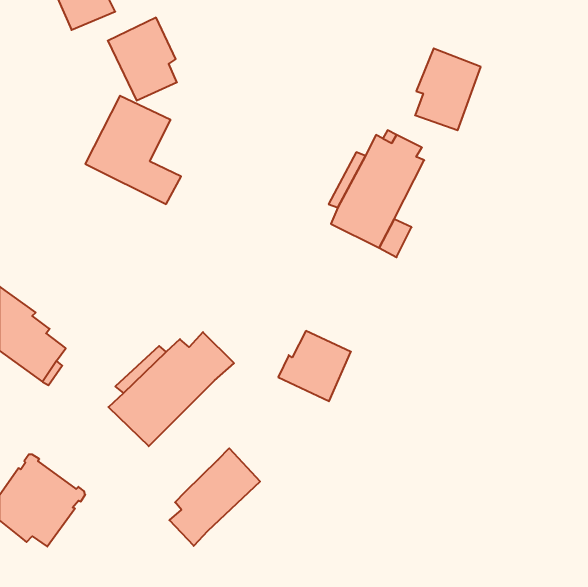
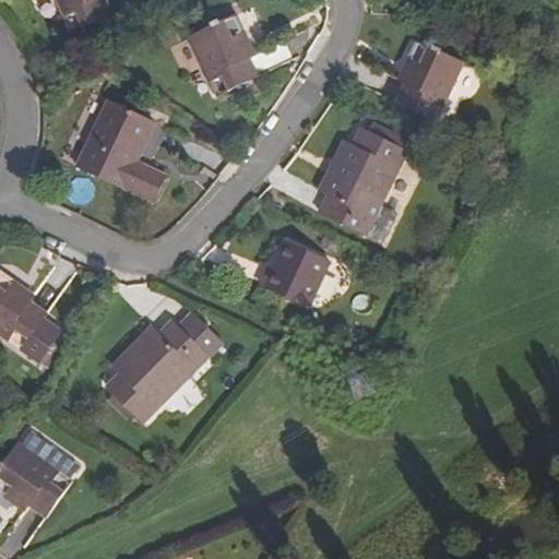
building: [108,18,177,101] -> [189,14,254,93]
building: [278,331,351,401] -> [262,242,331,309]
building: [169,448,260,546] -> none

